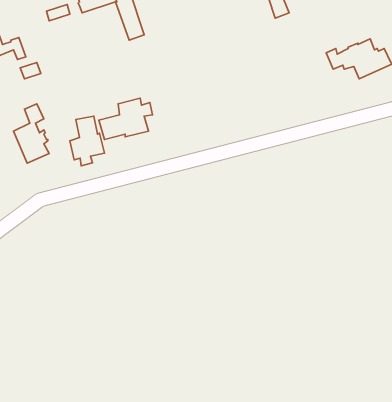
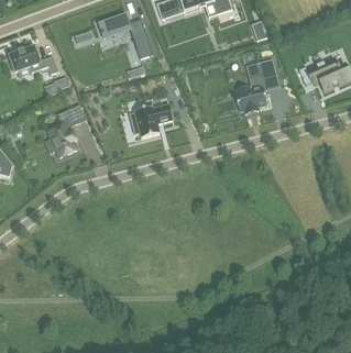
building: none -> [234,58,277,113]
building: [70,116,104,166] -> none

